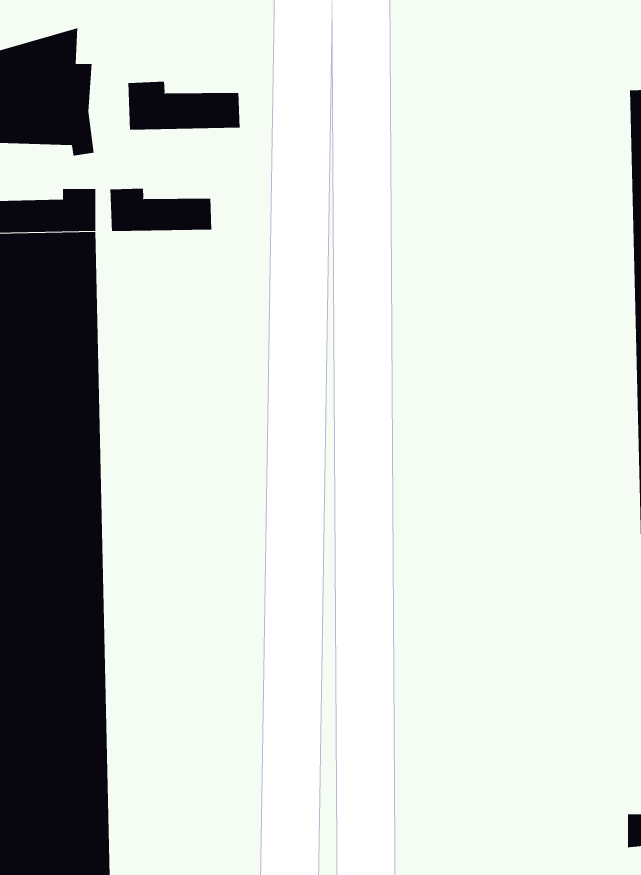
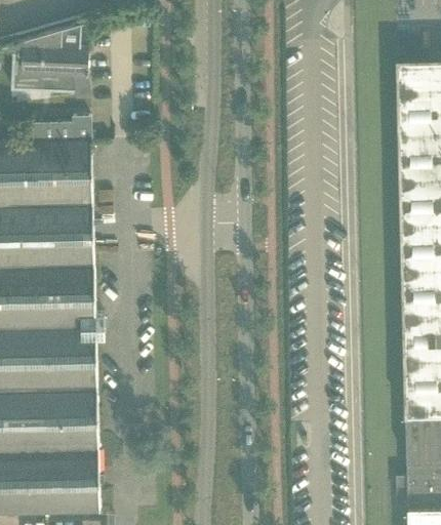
building: [128,81,240,130] -> none
building: [110,188,212,232] -> none

